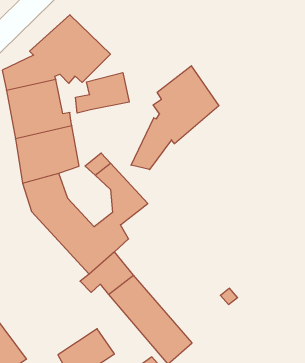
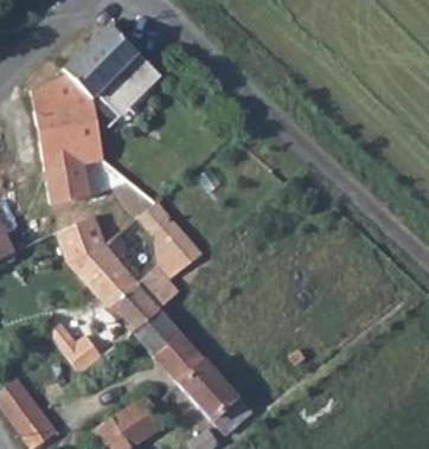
building: [131,66,219,170] -> none
building: [76,73,129,113] -> none
building: none -> [51,320,102,370]

